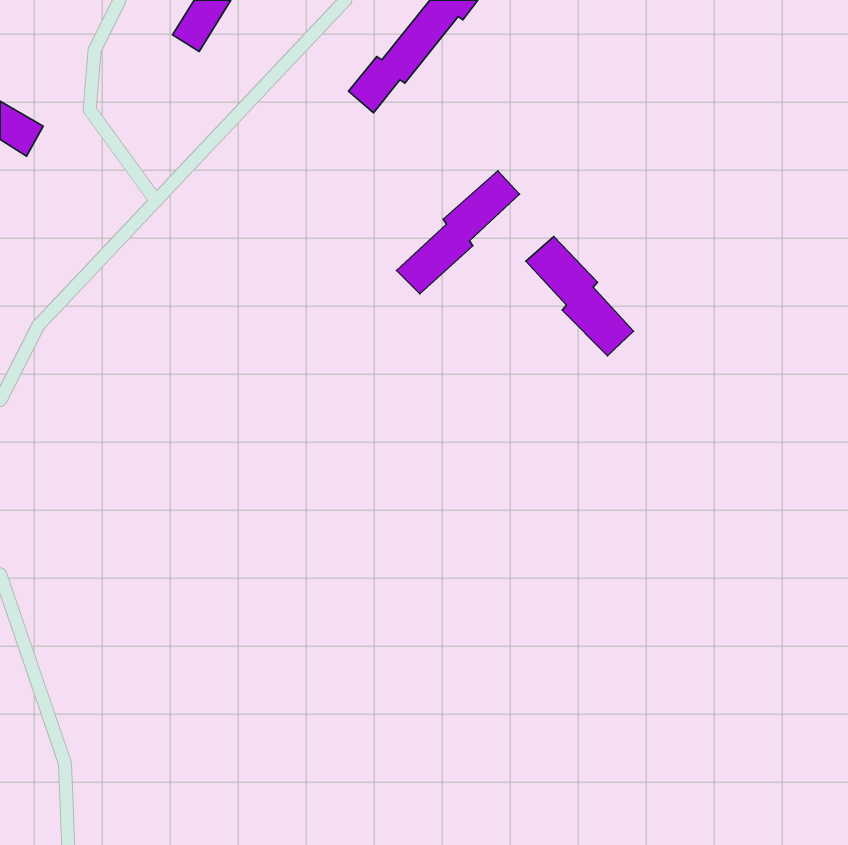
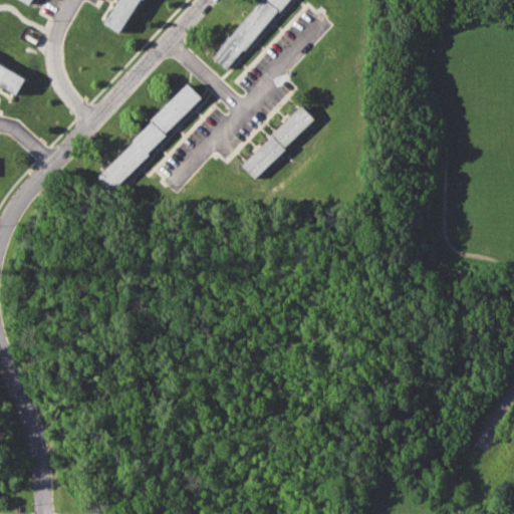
building: none -> [98,83,202,192]
building: [526,237,634,356] -> none

